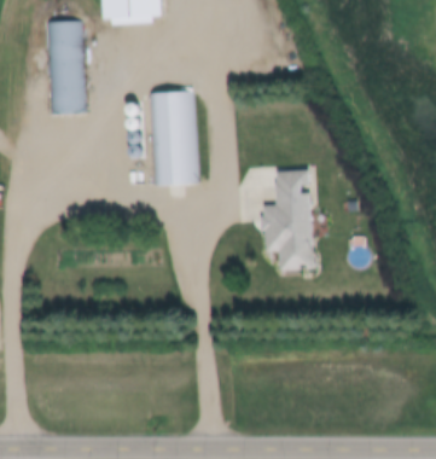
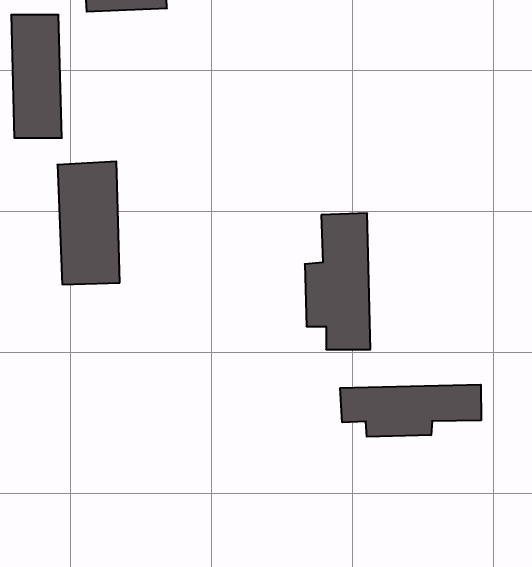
building: [151,92,197,182] -> [57,161,120,284]
building: none -> [340,385,481,437]

